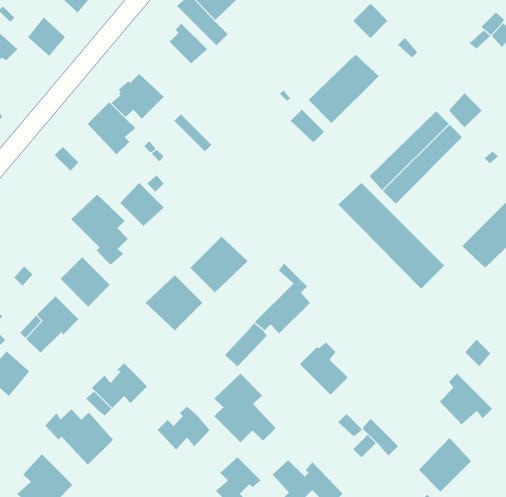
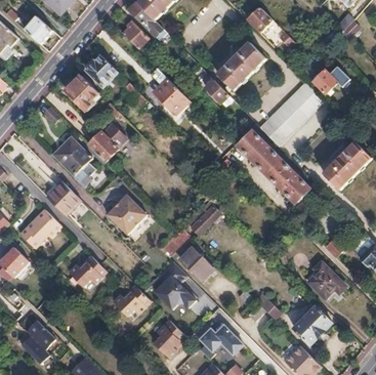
building: none -> [157,74,187,111]
building: [190,236,249,293] -> none
building: [299,342,348,396] -> [179,244,213,281]
building: [44,409,114,466] -> none

